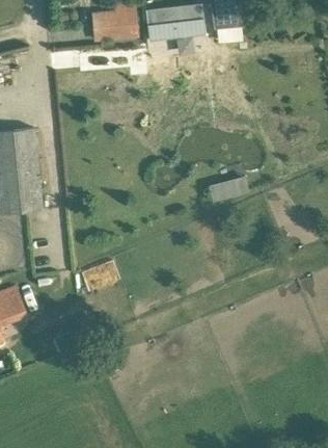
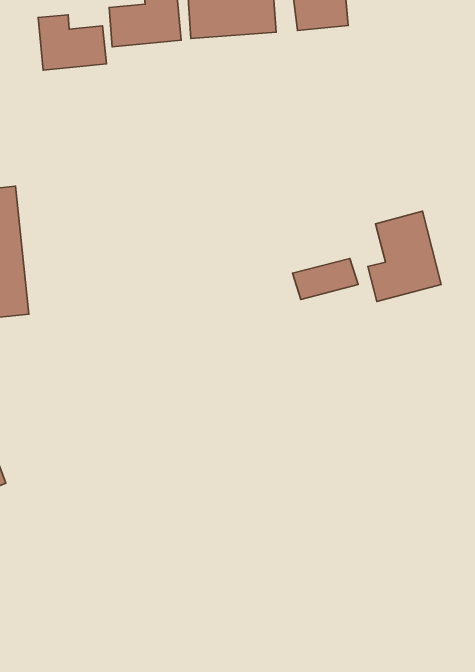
building: none -> [38,15,107,70]
building: none -> [368,211,441,301]

